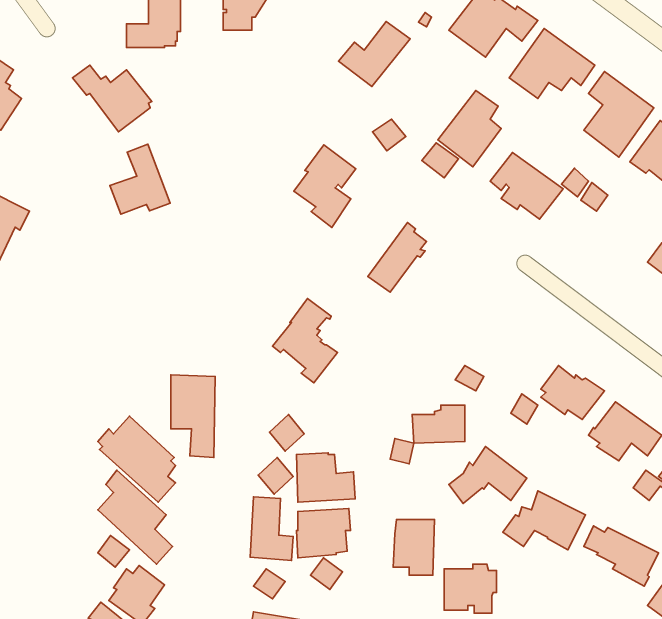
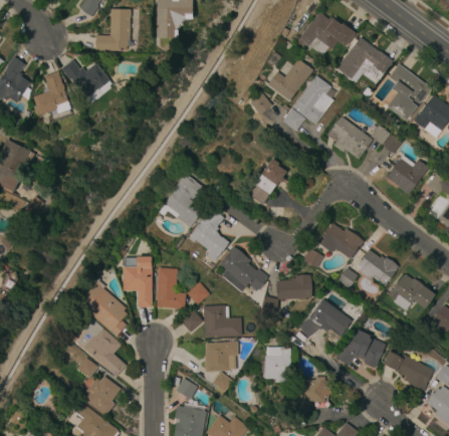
building: [339,21,410,87] -> [268,59,313,100]
building: [110,144,170,214] -> [33,71,71,116]
building: [294,145,356,228] -> [166,175,205,227]
building: none -> [387,156,427,194]
building: none -> [317,223,363,258]
building: none -> [219,246,267,291]
building: [250,497,293,560] -> [157,268,184,308]

